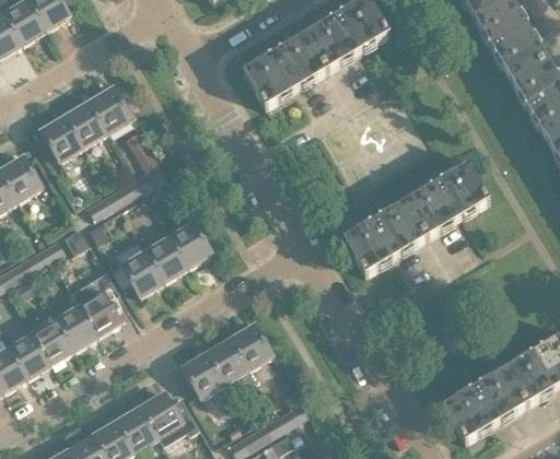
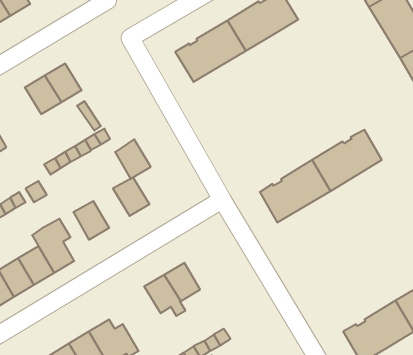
building: [40,114,83,160] -> none
building: [145,234,188,281] -> [115,139,151,179]
building: [182,351,225,397] -> none

